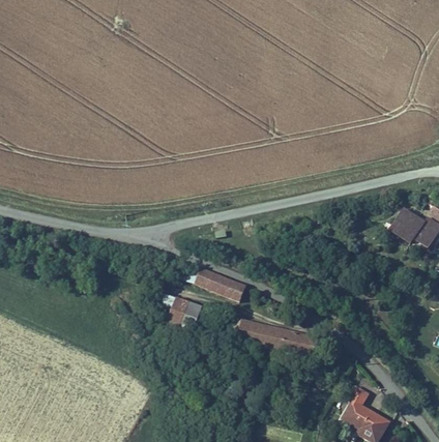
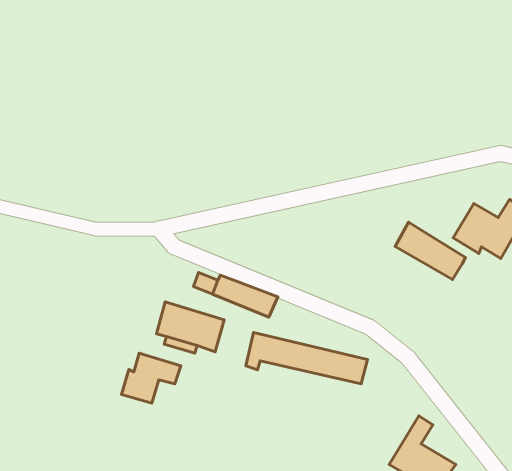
building: none -> [395,222,465,280]
building: none -> [122,353,181,403]

